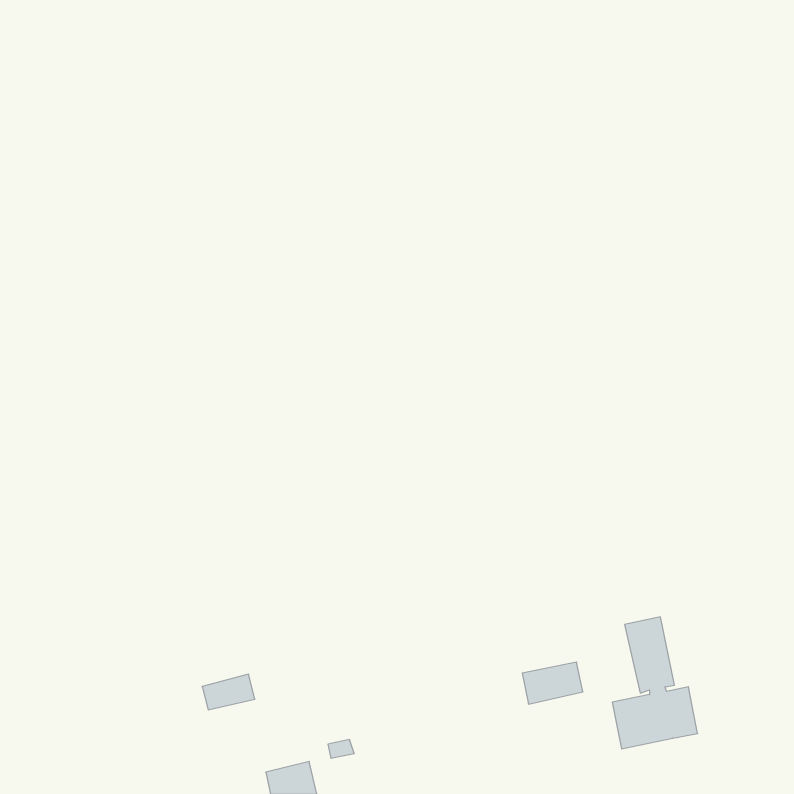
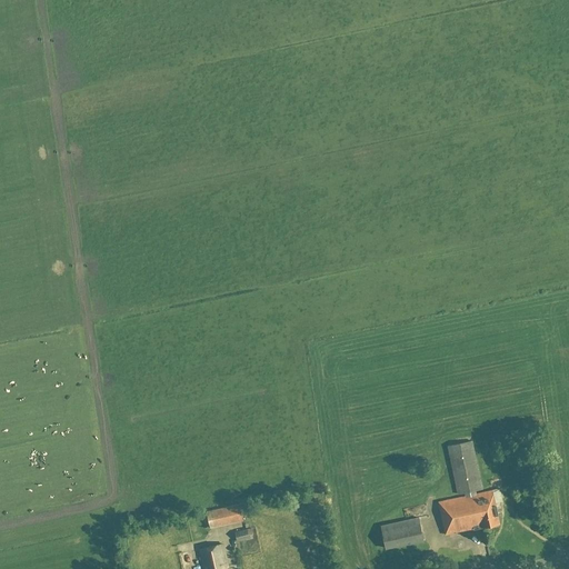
building: [522,662,583,704] -> [380,519,423,549]
building: [202,674,255,710] -> [206,503,243,529]

